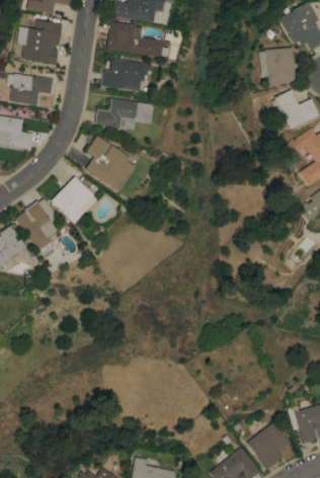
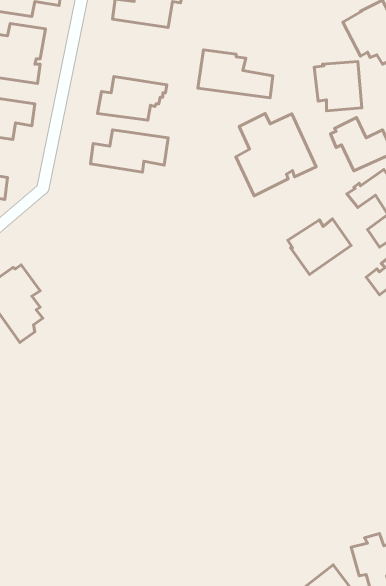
building: [106,21,162,57] -> [198,50,273,98]
building: none -> [236,113,316,196]
building: [85,135,135,191] -> none
building: none -> [288,219,351,275]
building: [51,176,97,223] -> none

